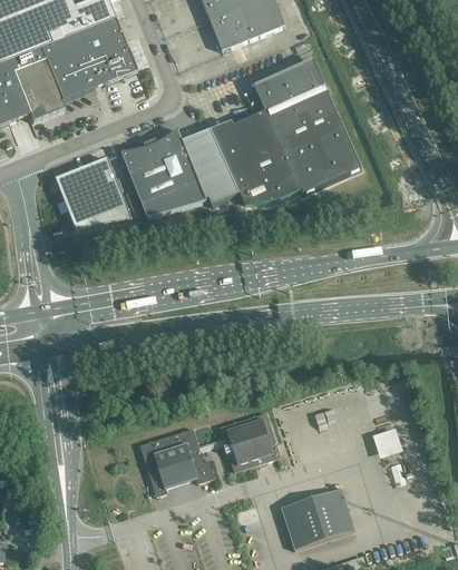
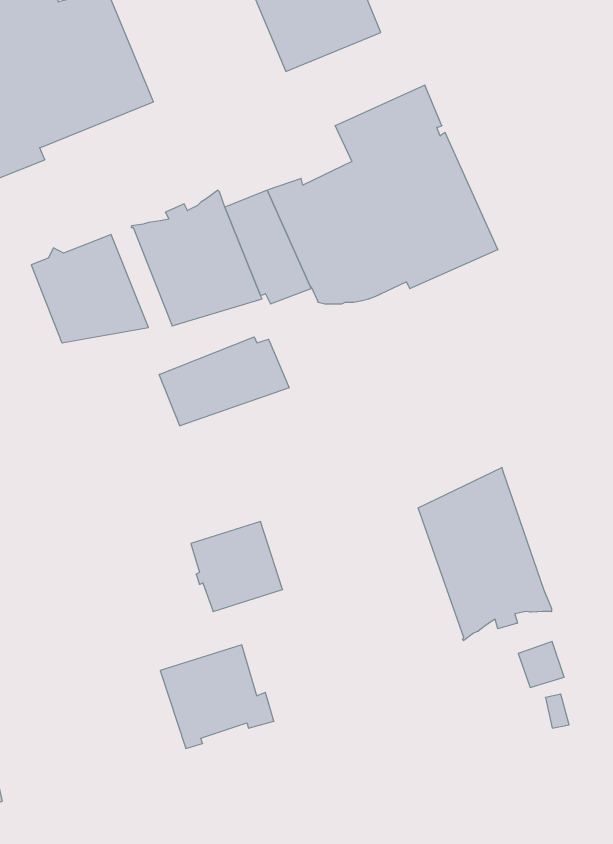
building: none -> [159,337,289,426]
building: none -> [418,467,551,641]
building: [220,411,280,470] -> [191,522,283,612]
building: [281,487,354,548] -> none

